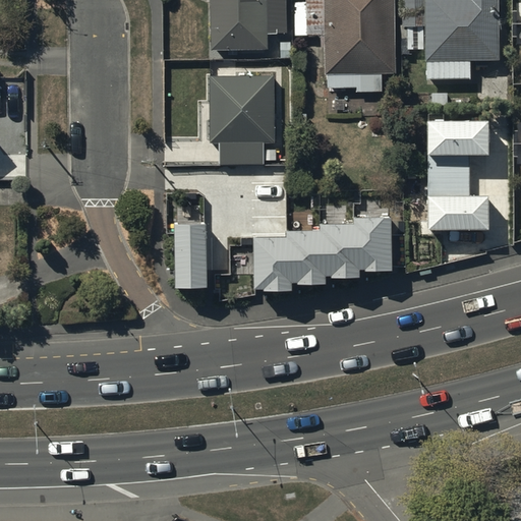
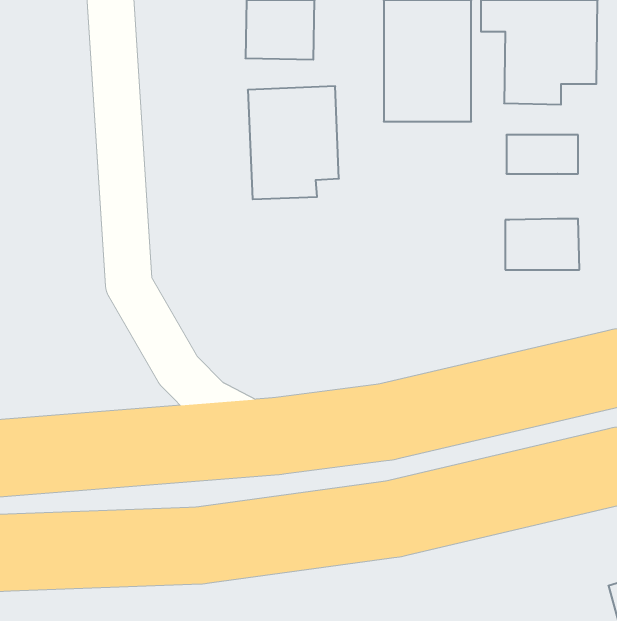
building: [429,146,470,184] -> none
building: [251,206,387,291] -> none
building: [173,210,207,284] -> none

